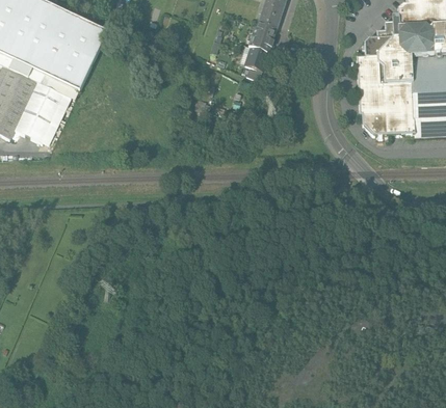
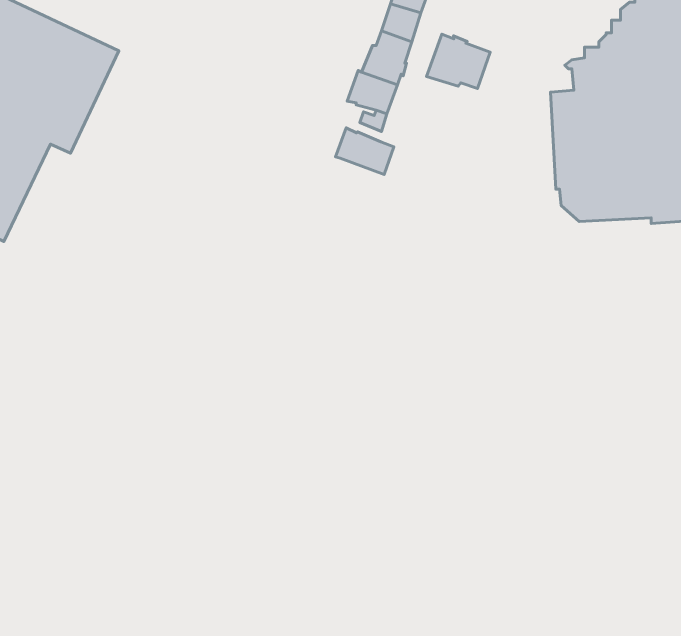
building: none -> [427,34,490,88]
building: none -> [335,128,394,175]

